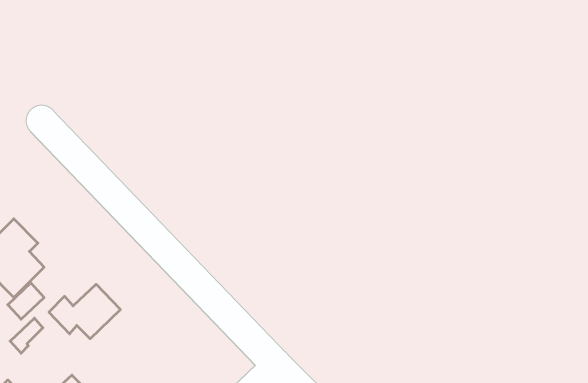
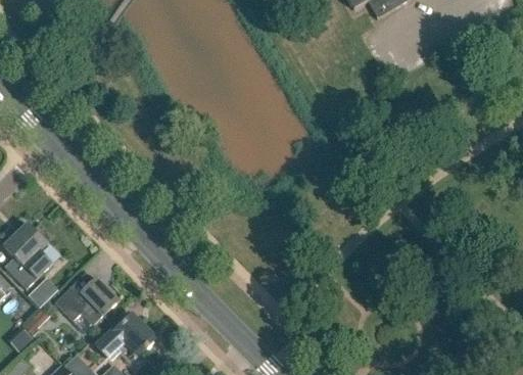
building: none -> [97,314,155,357]

